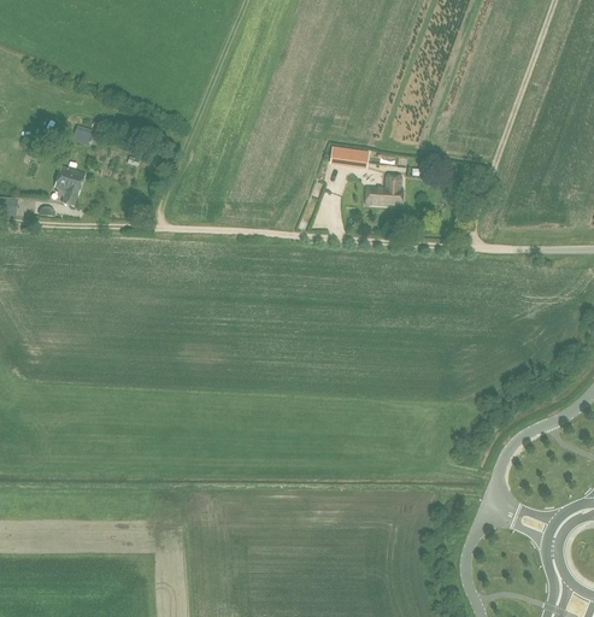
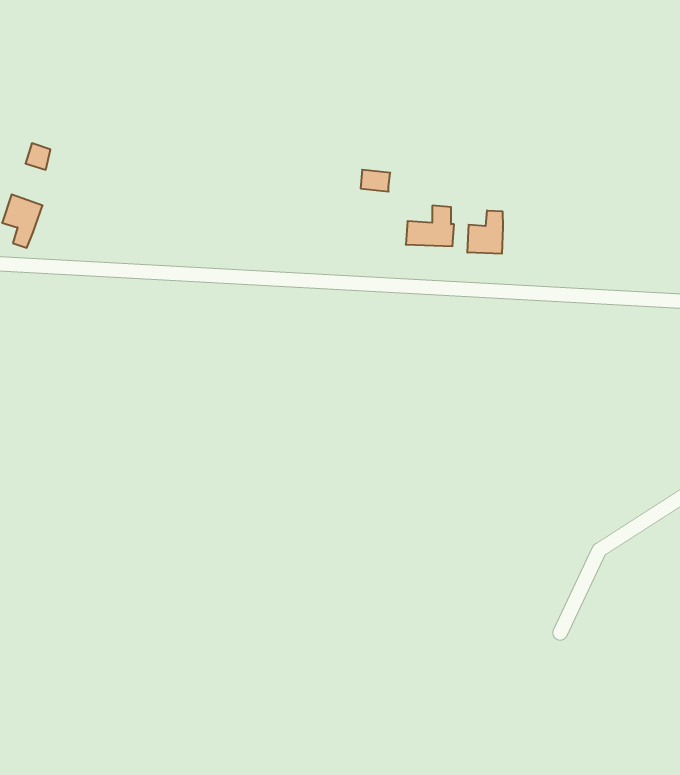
building: none -> [467,210,503,254]

